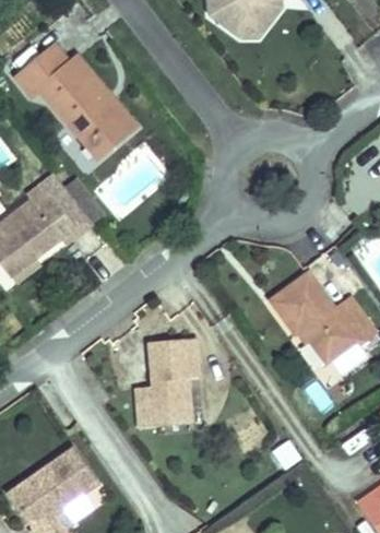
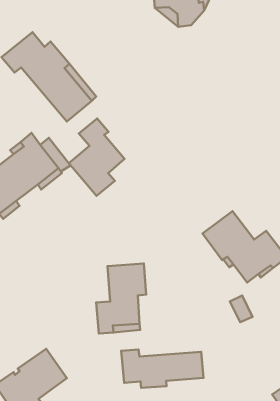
building: none -> [69,119,125,196]
building: none -> [121,350,203,388]

